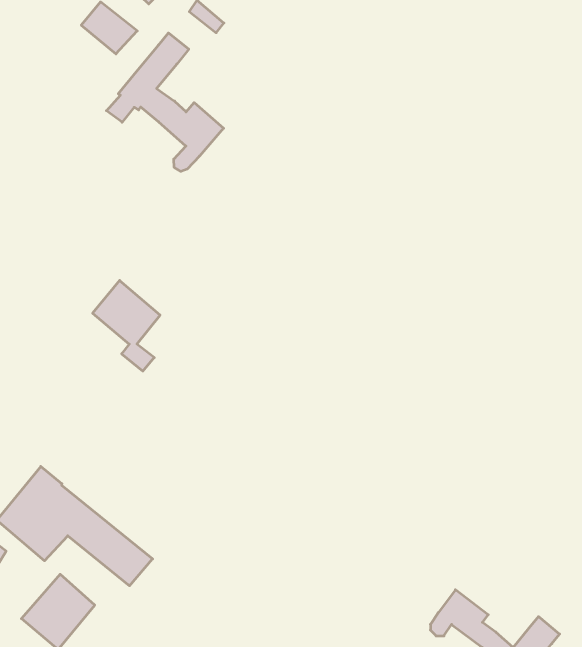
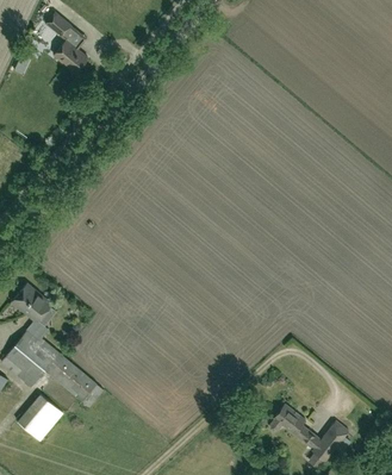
building: [106,33,224,171] -> none
building: [93,280,160,371] -> [11,282,52,338]

